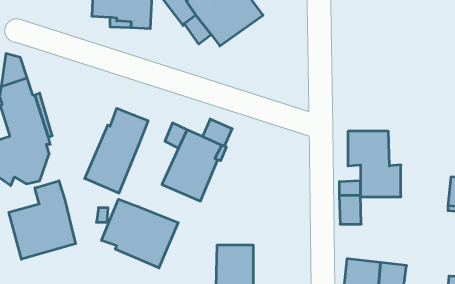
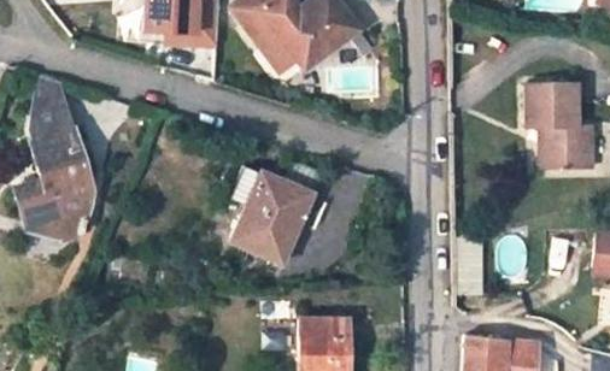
building: [85,108,148,193] -> none
building: [348,131,401,197] -> [527,84,593,166]
building: [9,181,76,259] -> none
building: [102,199,178,268] -> none

